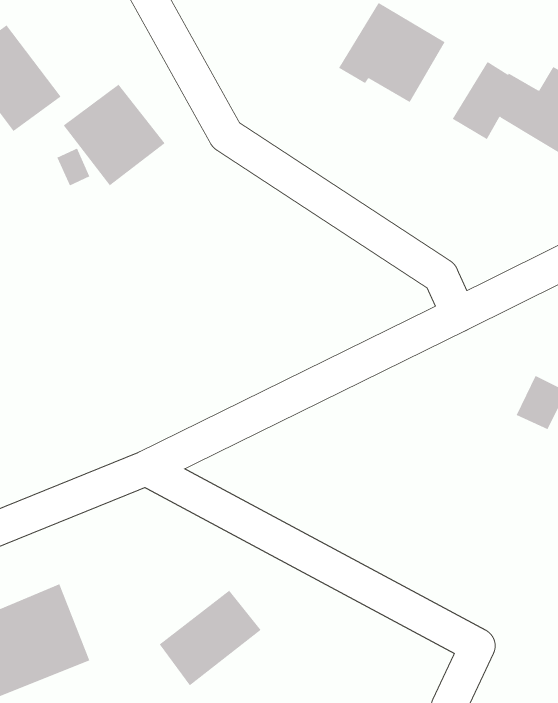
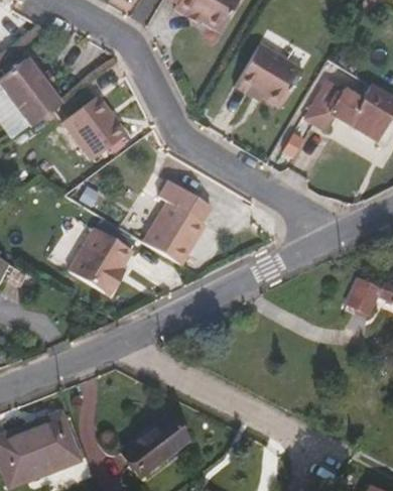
building: none -> [143,166,222,265]
building: none -> [70,228,133,295]

